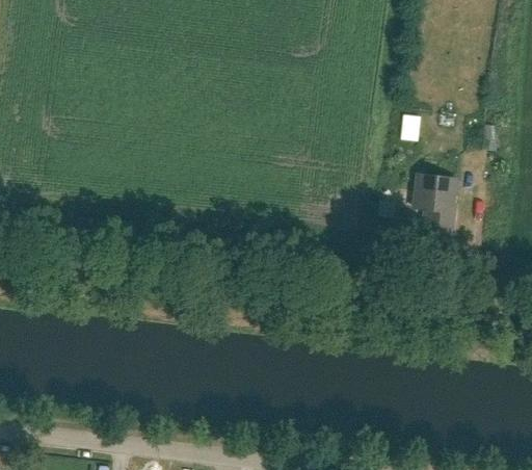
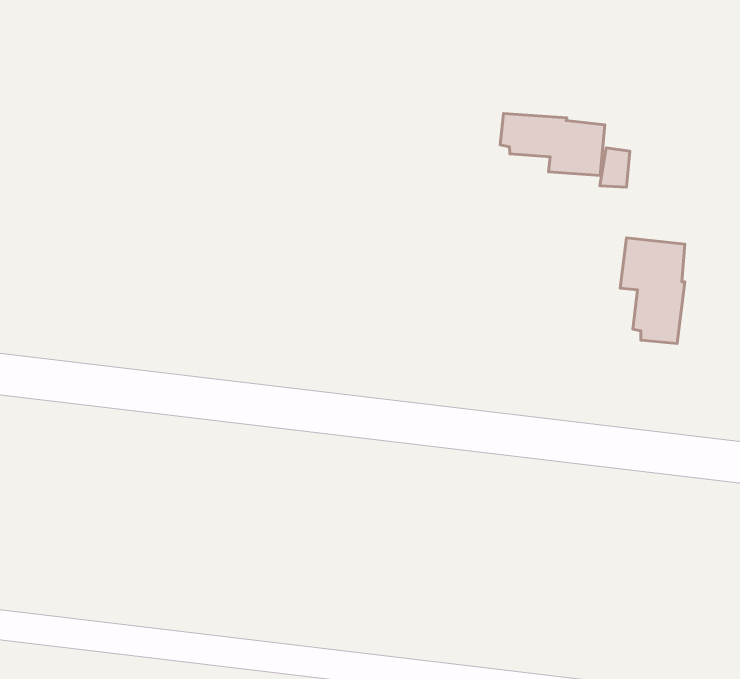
building: none -> [500,113,605,176]

